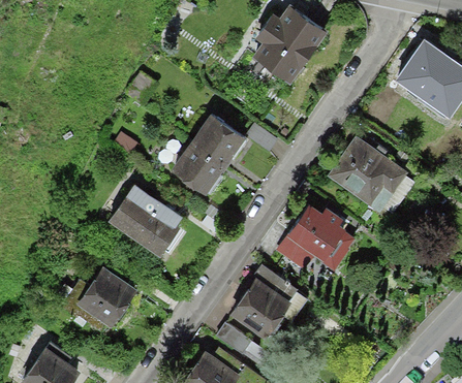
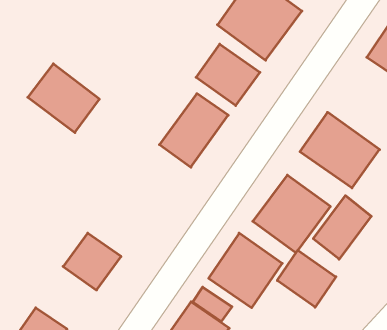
building: none -> [196,44,260,106]
building: [109,181,184,253] -> [28,64,99,133]
building: none -> [313,196,371,259]
building: none -> [277,250,336,307]

